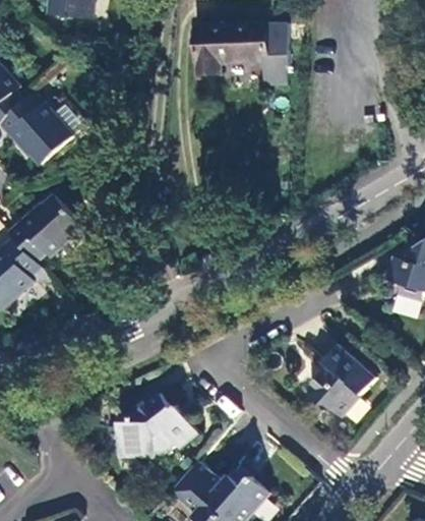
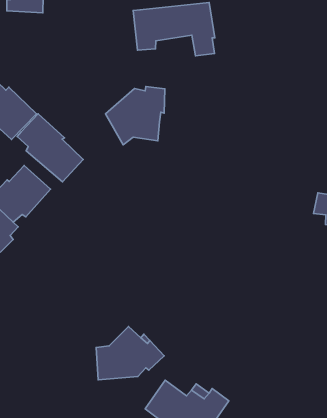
building: none -> [105,87,165,145]
building: none -> [17,114,83,182]
building: [309,345,376,416] -> none

